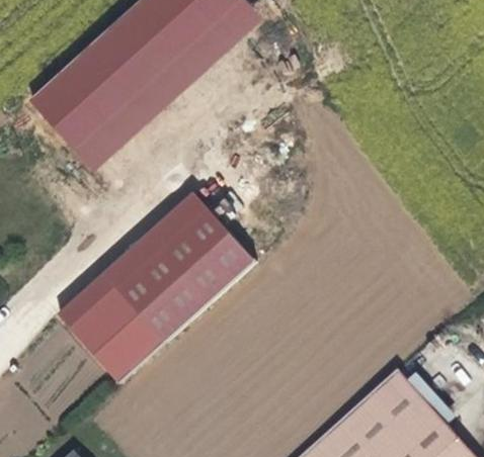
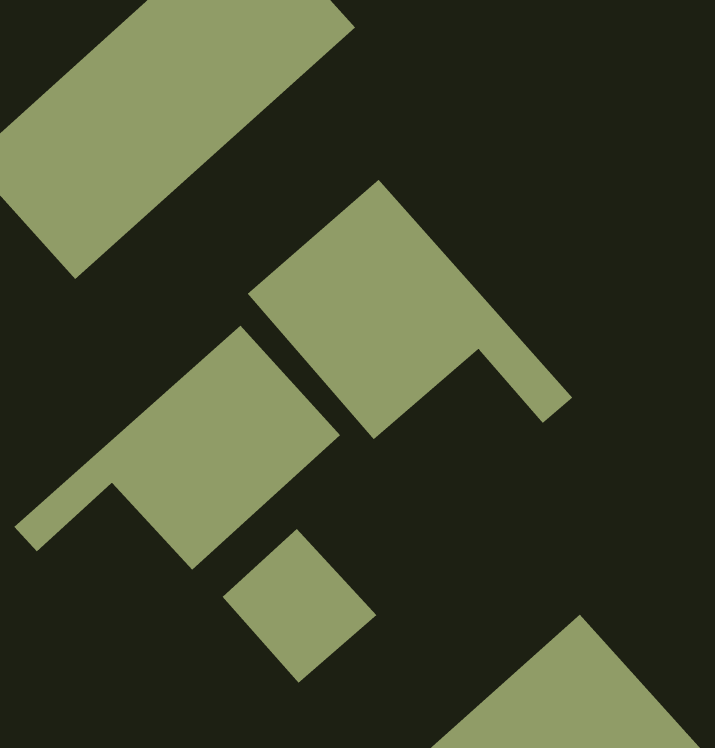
building: none -> [247,179,573,440]
building: [69,293,163,387] -> [222,528,377,684]

